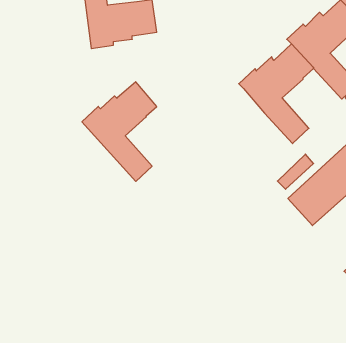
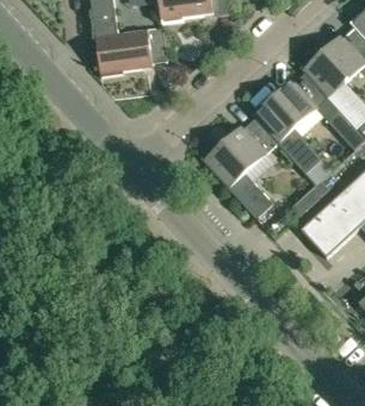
building: [82,82,157,181] -> [200,117,277,218]

